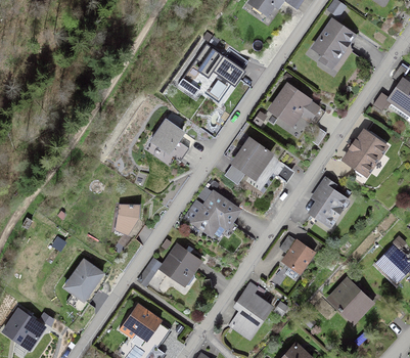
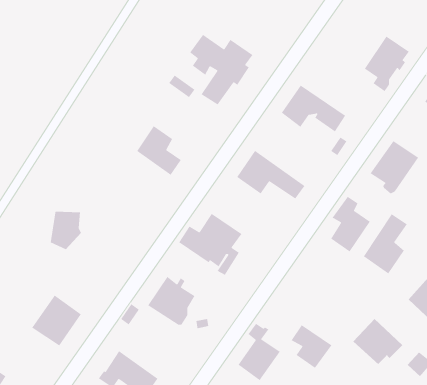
building: [313,20,351,68] -> [364,35,410,92]
building: none -> [363,213,408,275]
building: [113,204,140,236] -> [50,211,82,250]
building: [278,235,313,272] -> [290,324,332,369]

